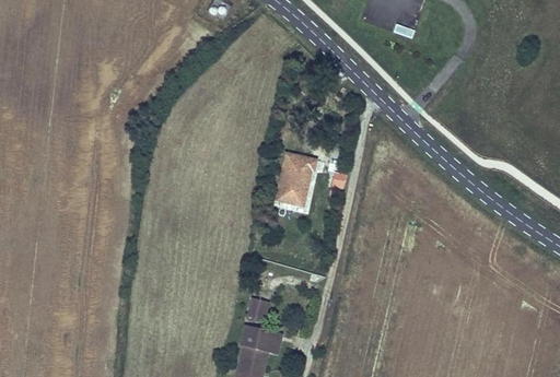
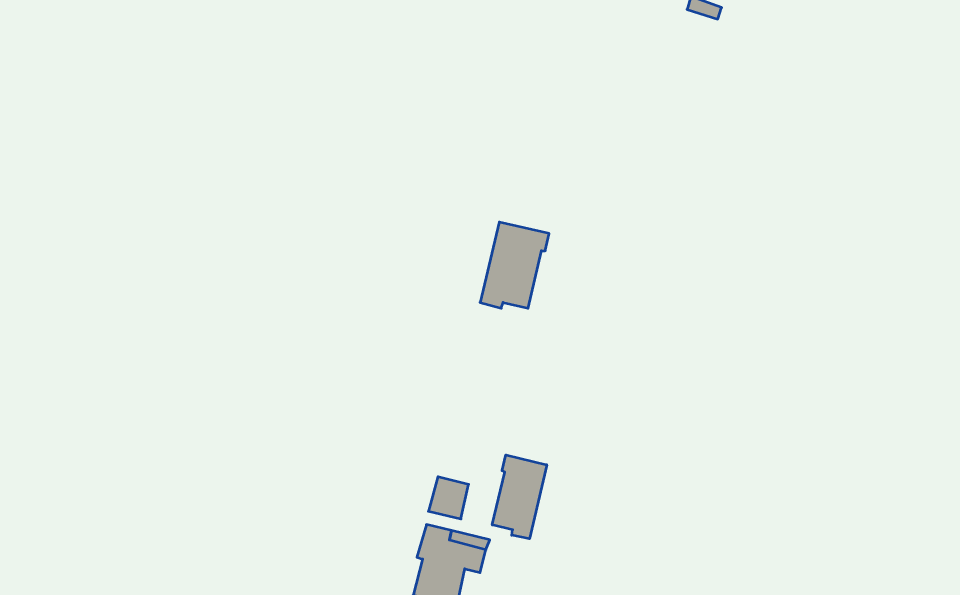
building: none -> [492,455,547,539]

